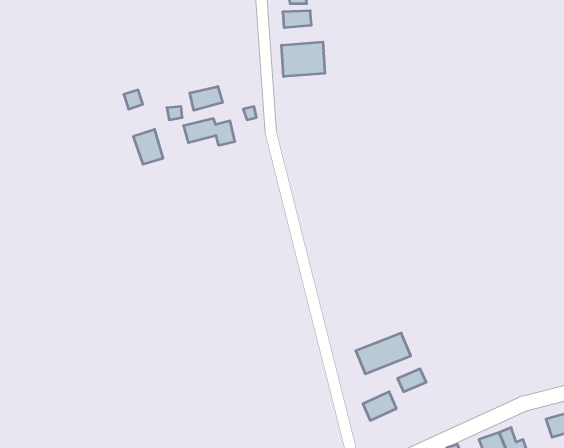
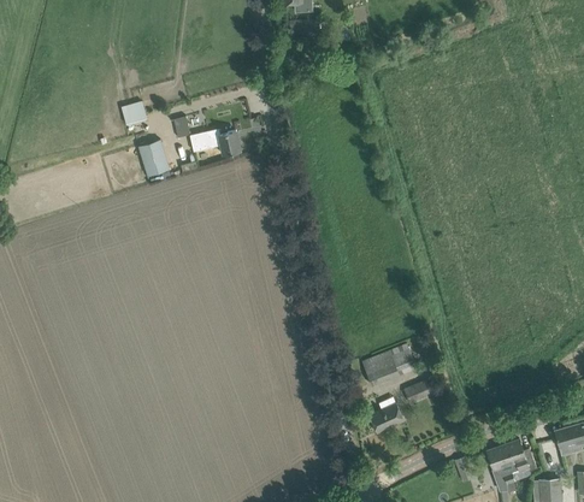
building: [282,42,325,77] -> none
building: [190,86,222,110] -> none

